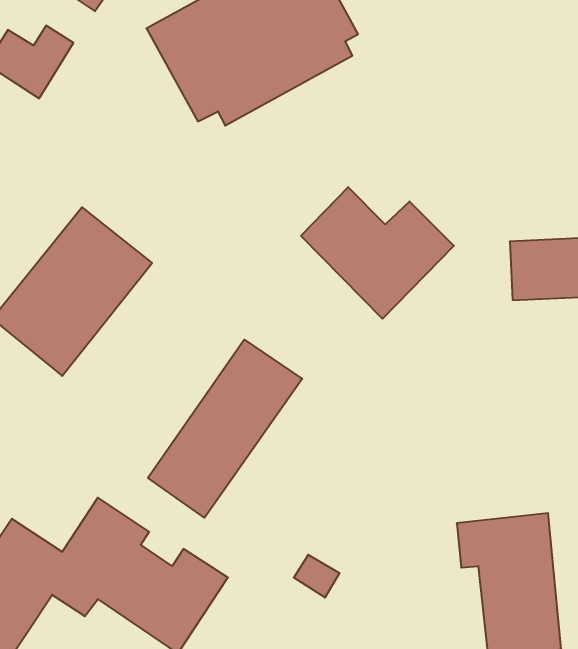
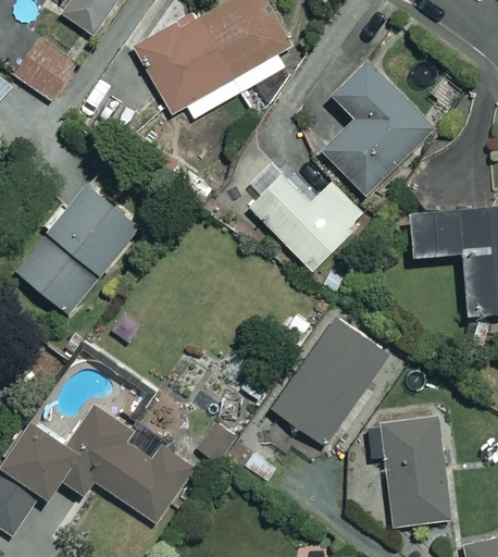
building: none -> [322,62,434,195]
building: [148,340,302,518] -> none
building: none -> [271,318,387,444]

